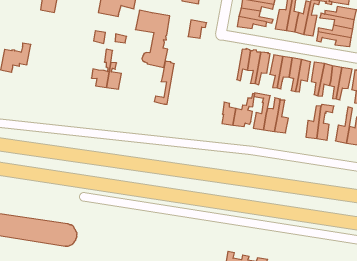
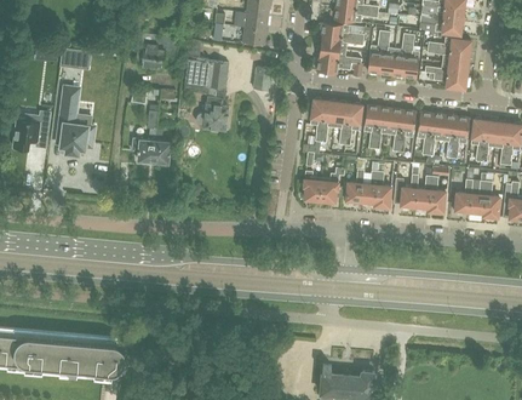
building: none -> [57,86,94,154]
building: [154,61,174,104] -> [303,98,326,154]
building: none -> [394,173,419,210]

